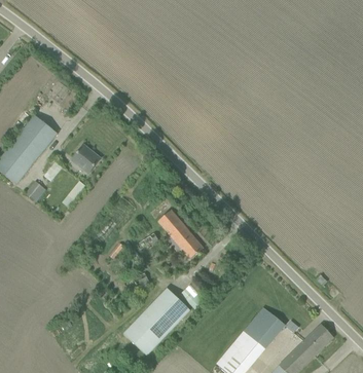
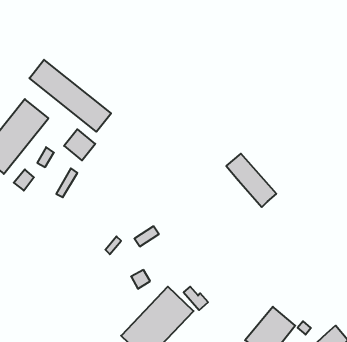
building: none -> [29,60,111,132]
building: [157,210,204,259] -> [226,154,276,207]

